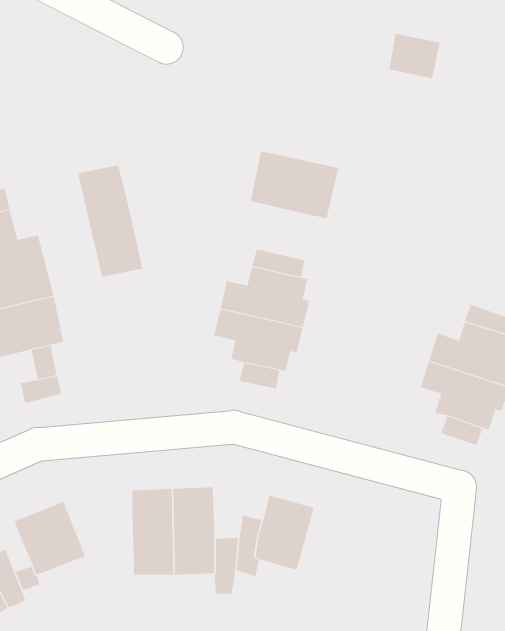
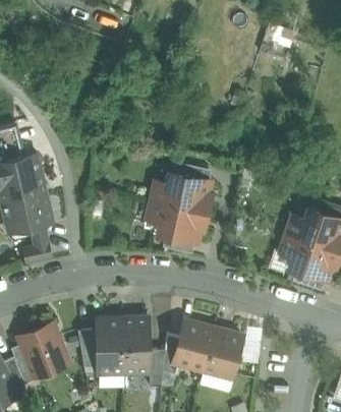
building: [250,150,339,219] -> none
building: [78,164,143,277] -> none
building: none -> [77,330,97,366]
building: none -> [203,330,243,377]

